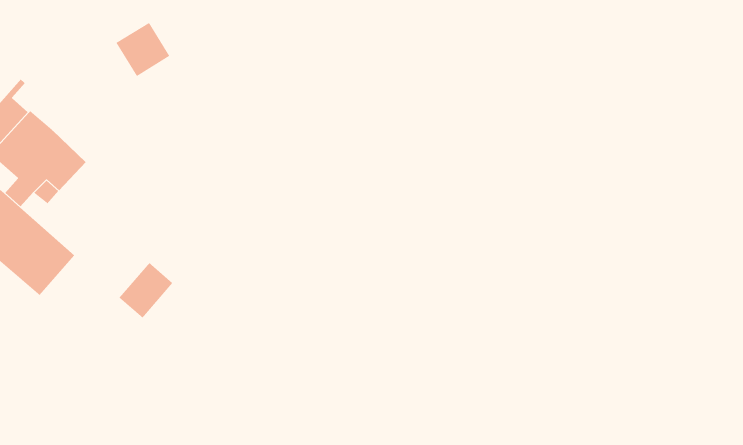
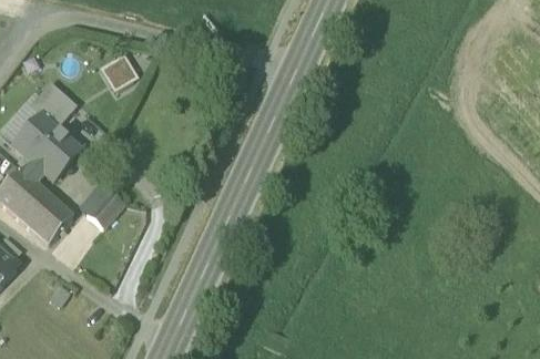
building: none -> [28,80,75,126]
building: [119,262,173,319] -> [84,186,122,225]

